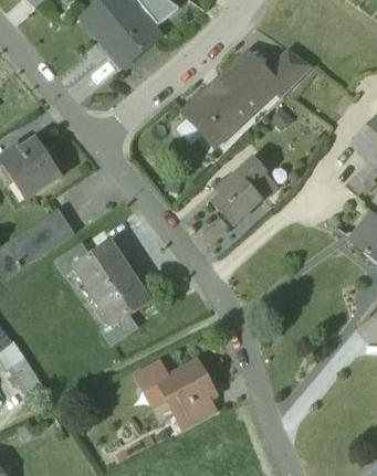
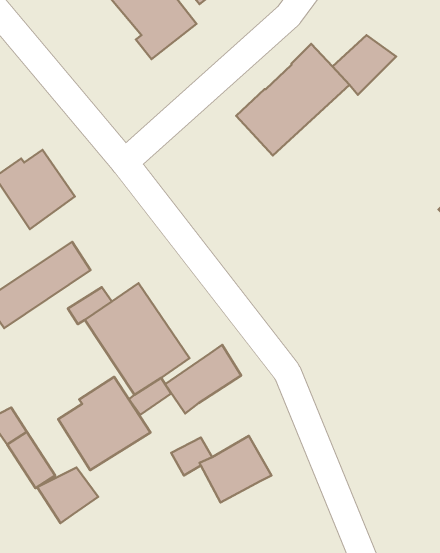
building: [211,157,264,224] -> none
building: none -> [165,345,241,413]
building: none -> [58,377,151,470]
building: none -> [37,468,98,523]
building: [175,395,214,427] -> none

